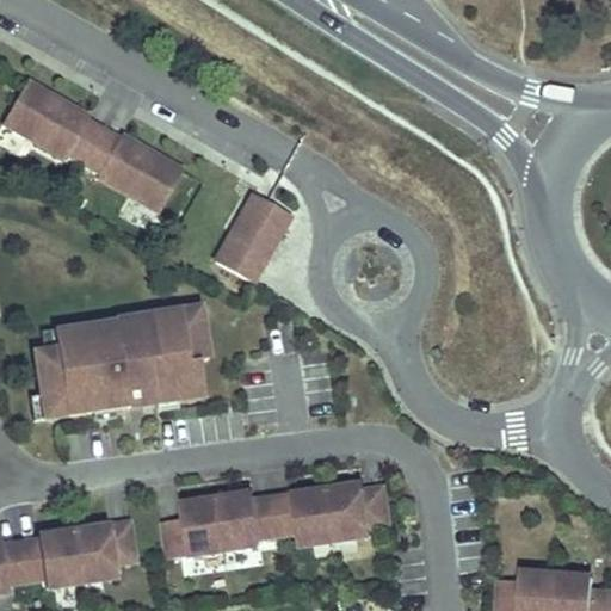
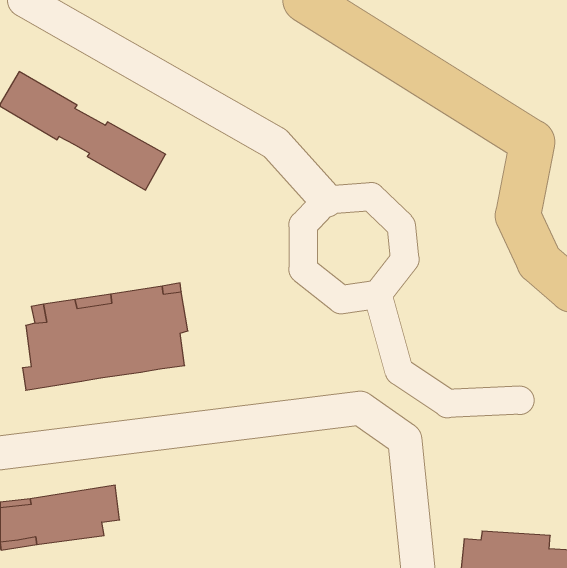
building: [216,197,295,286] -> none
building: [163,481,388,556] -> none

